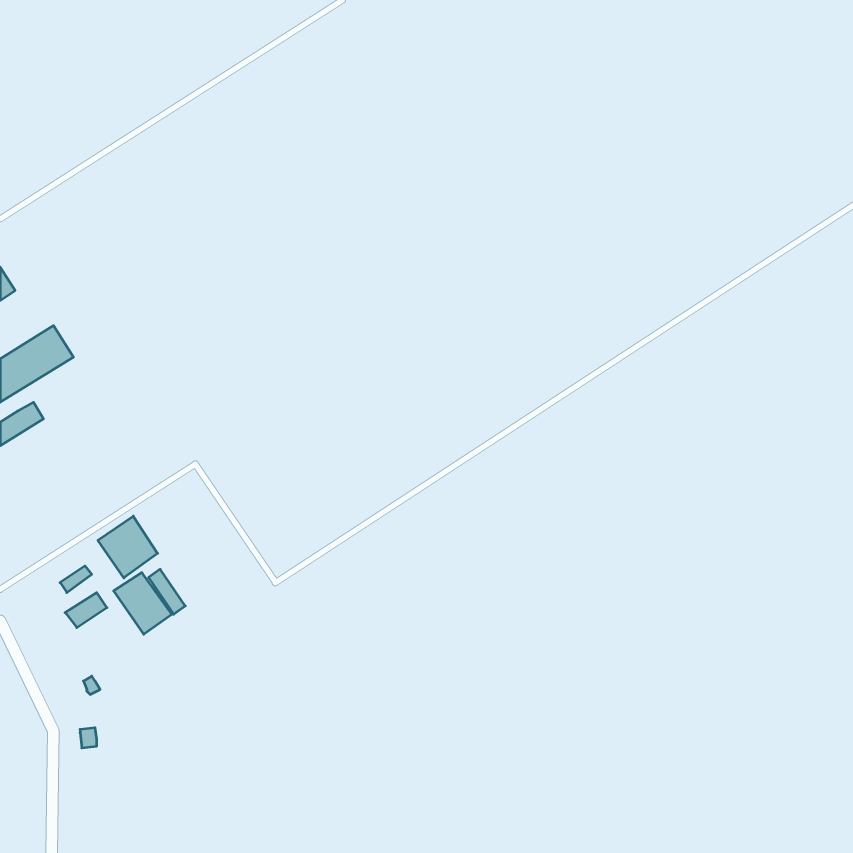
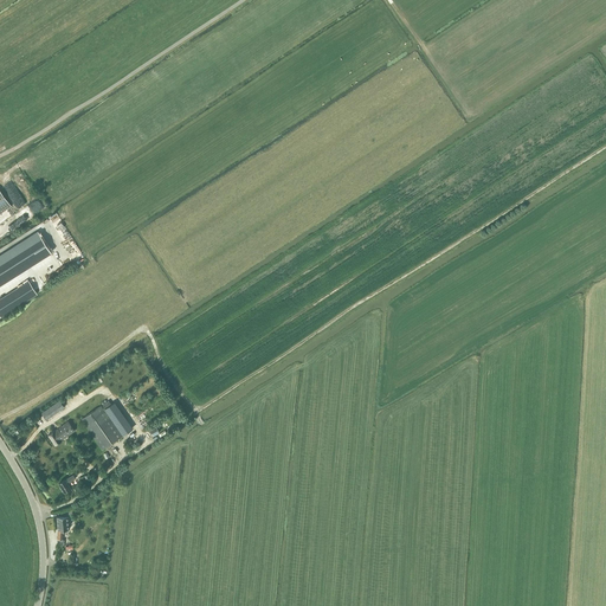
building: [98,516,158,578] -> none

